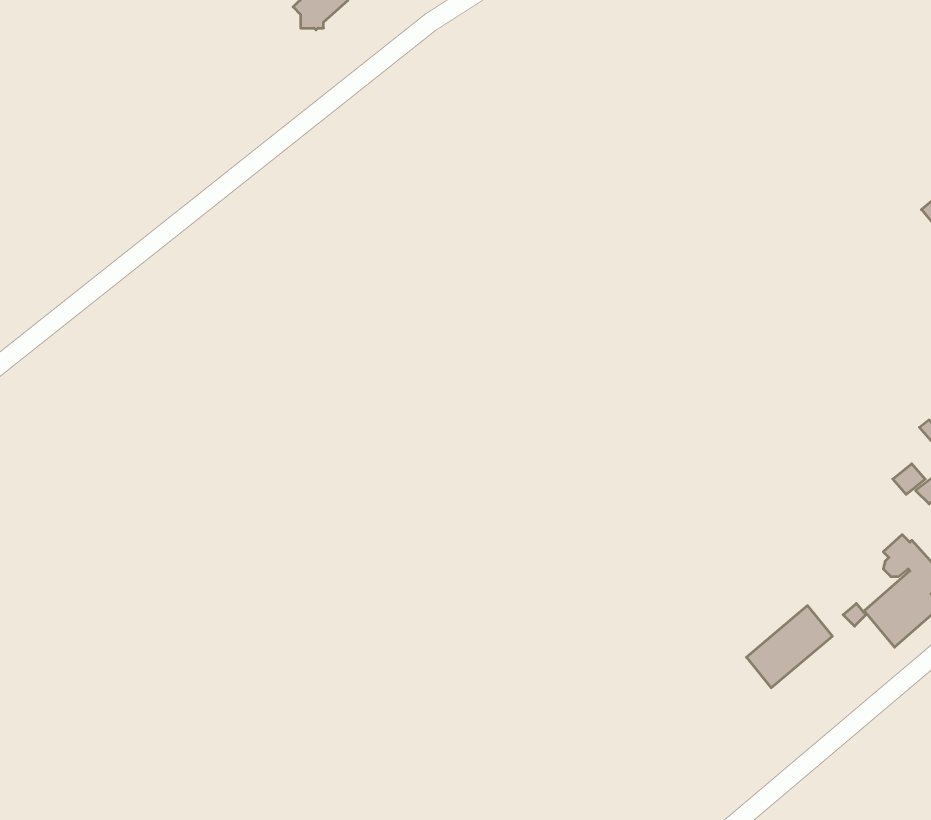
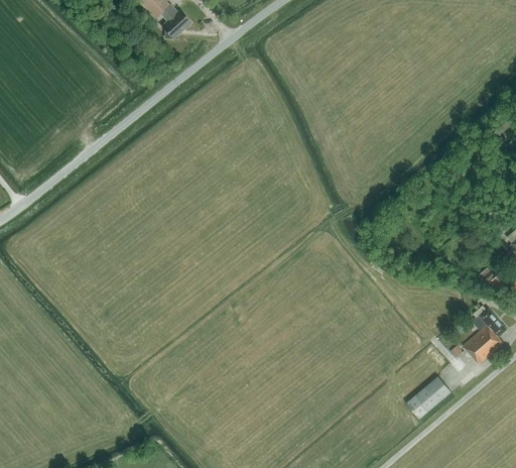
building: [746,606,832,688] -> [406,375,452,419]

